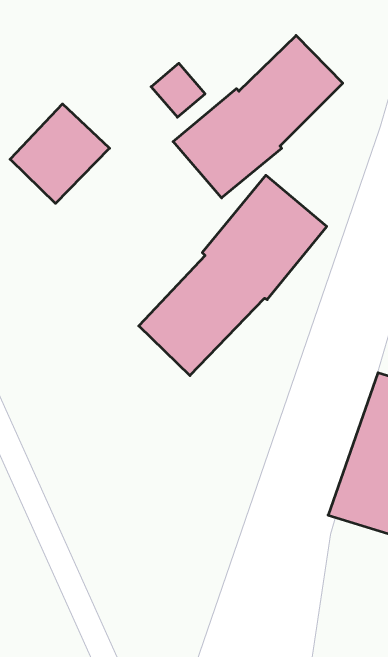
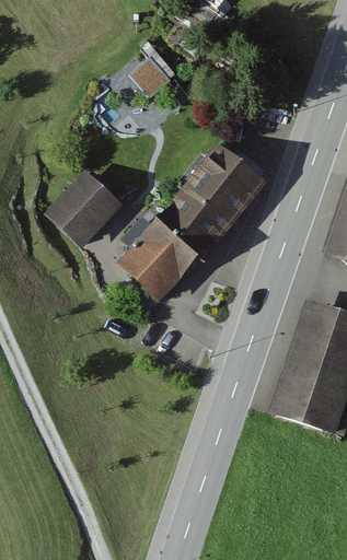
building: [173,35,343,198] -> none
building: [10,104,110,203] -> [44,168,123,247]

